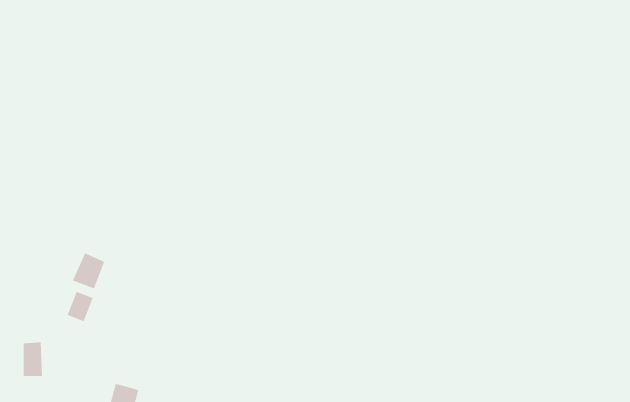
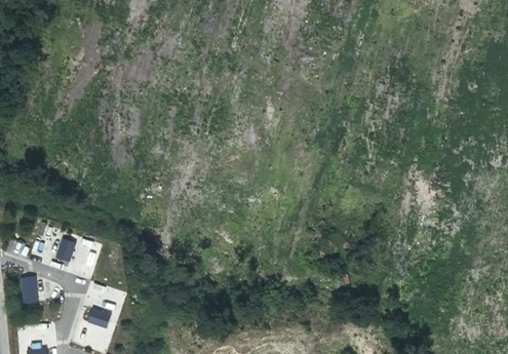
building: [72,252,105,289] -> none

